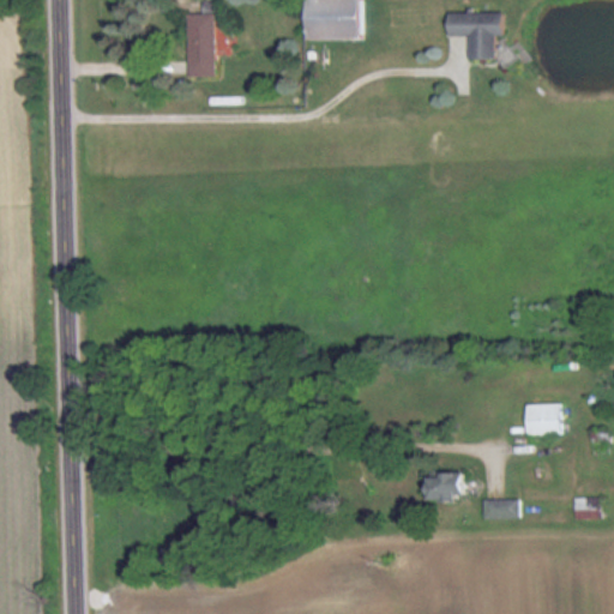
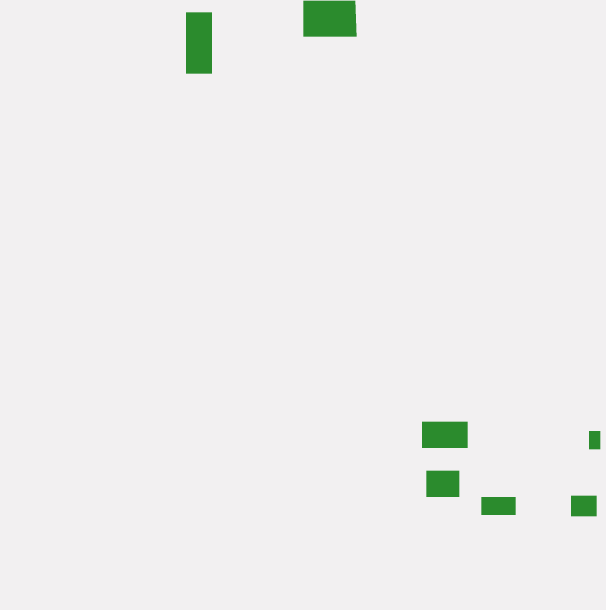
building: [446,12,501,59] -> none
building: [525,404,560,434] -> none
building: none -> [421,421,468,449]

